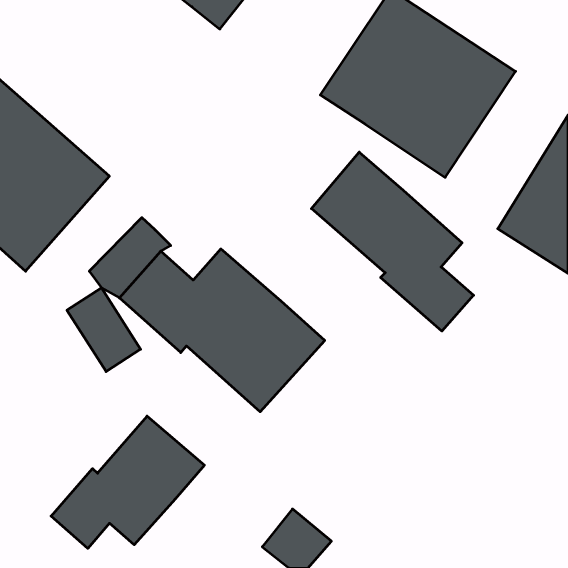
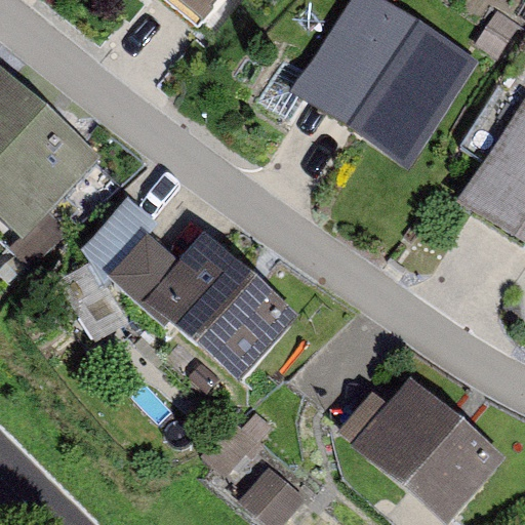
building: [311,152,474,331] -> none
building: none -> [342,376,503,518]
building: [51,416,204,548] -> none

